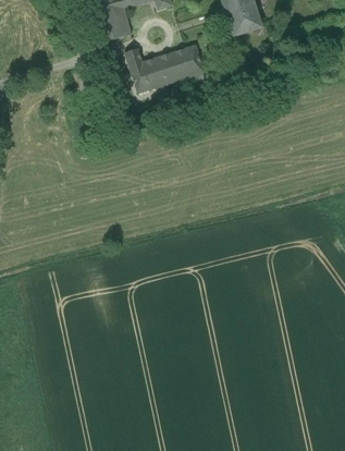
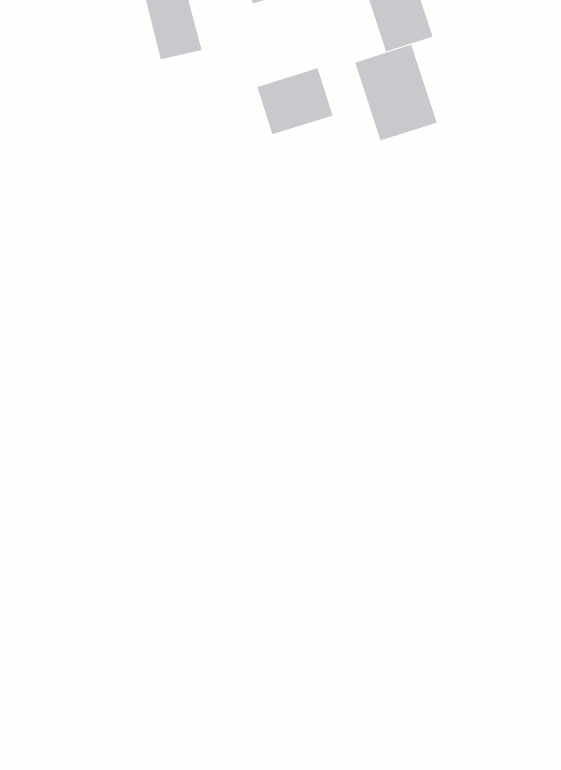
building: none -> [354,44,437,141]
building: [125,48,170,93] -> none

